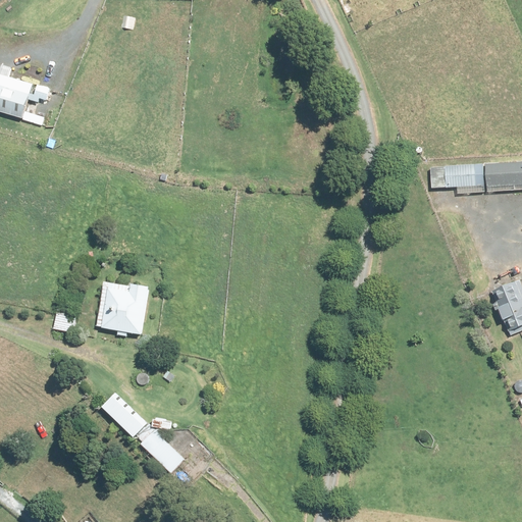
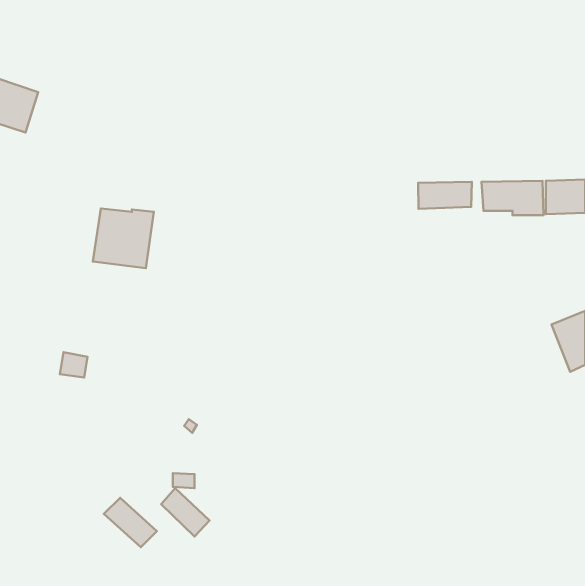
building: none -> [418,182,472,209]
building: [98,283,152,336] -> [93,208,154,268]
building: [104,397,151,440] -> [104,498,157,547]

